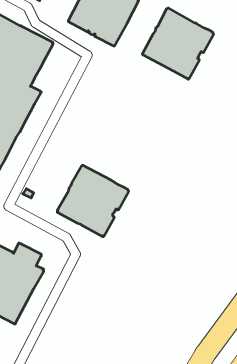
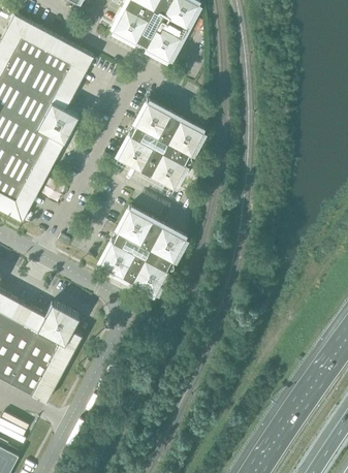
building: [142,8,214,79] -> [116,100,203,188]

